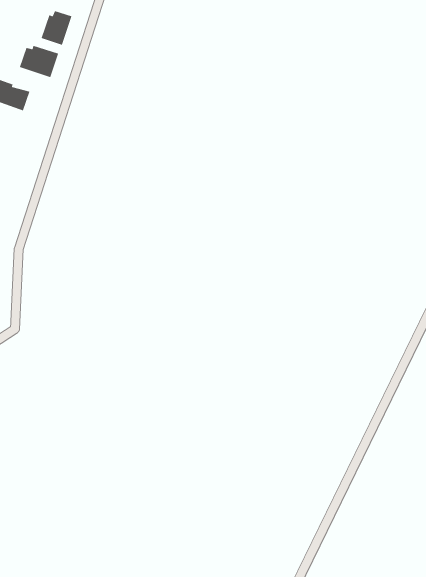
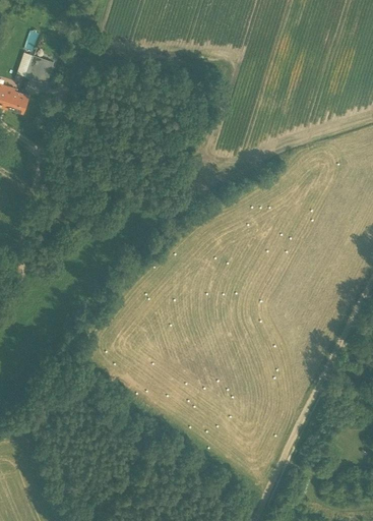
building: [41,10,72,46] -> none

